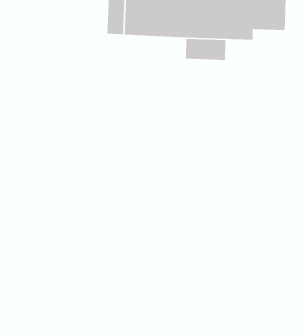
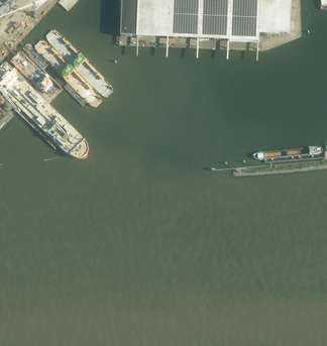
building: [185,38,226,61] -> none

